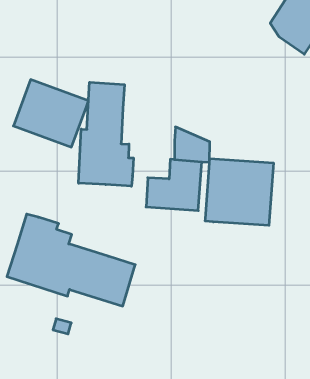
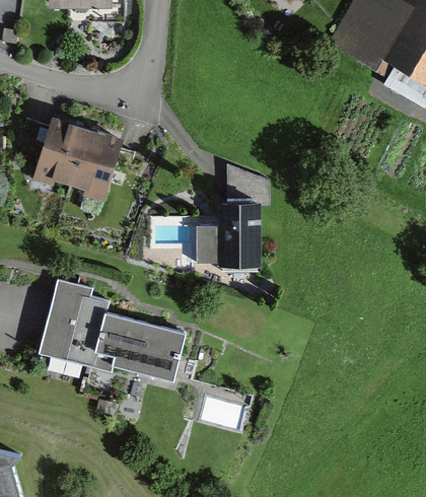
building: [79,82,133,186] -> none
building: [205,159,273,225] -> none

